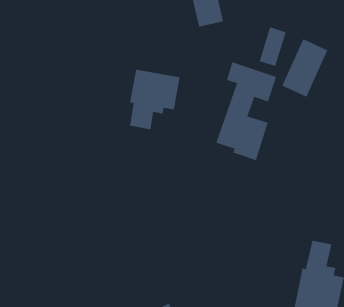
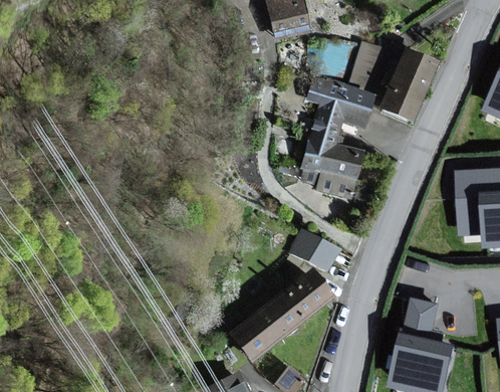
building: [130,69,180,130] -> none
building: none -> [290,230,336,271]
building: none -> [230,272,328,360]

